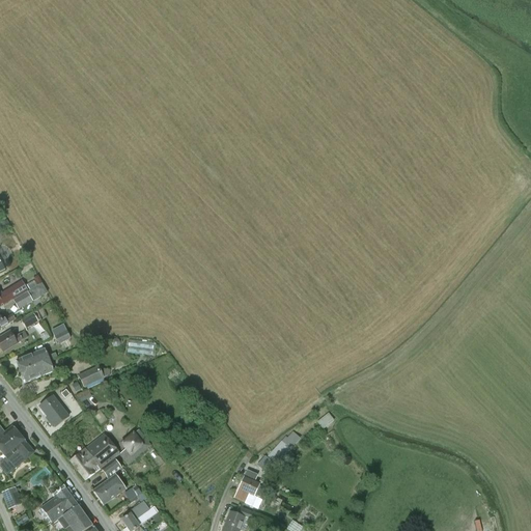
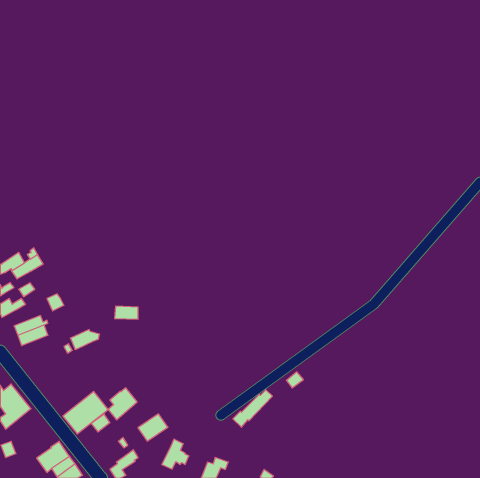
building: [39,395,68,425] -> none
building: [233,468,263,501] -> [162,439,189,469]
building: [92,474,125,504] -> [138,414,168,441]

